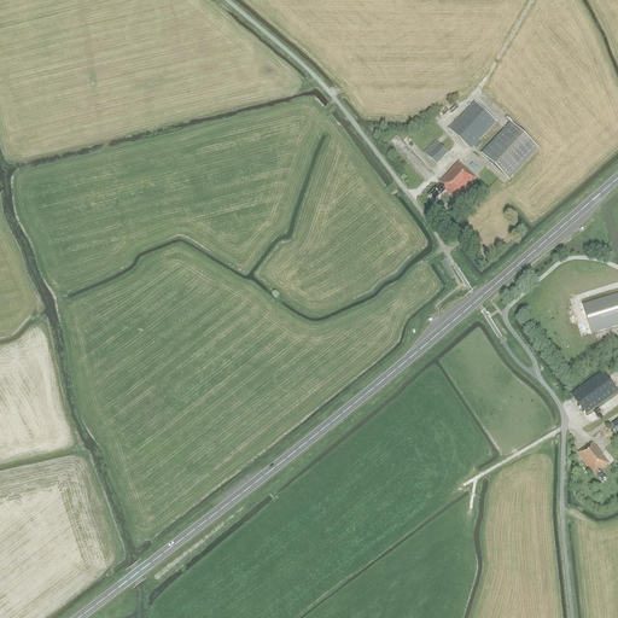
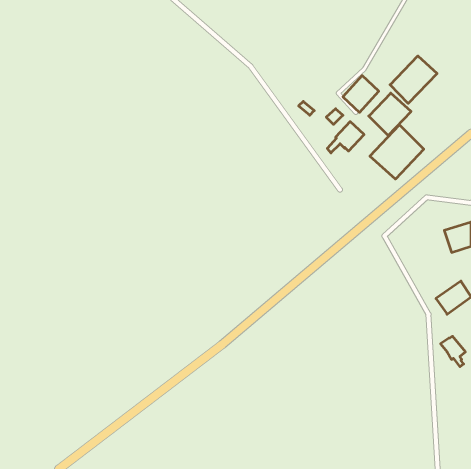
building: none -> [390,56,437,103]
building: none -> [370,125,424,179]

